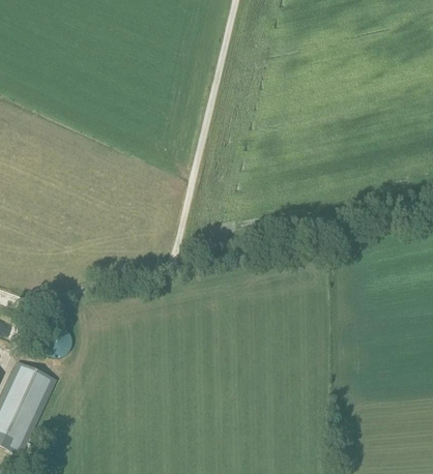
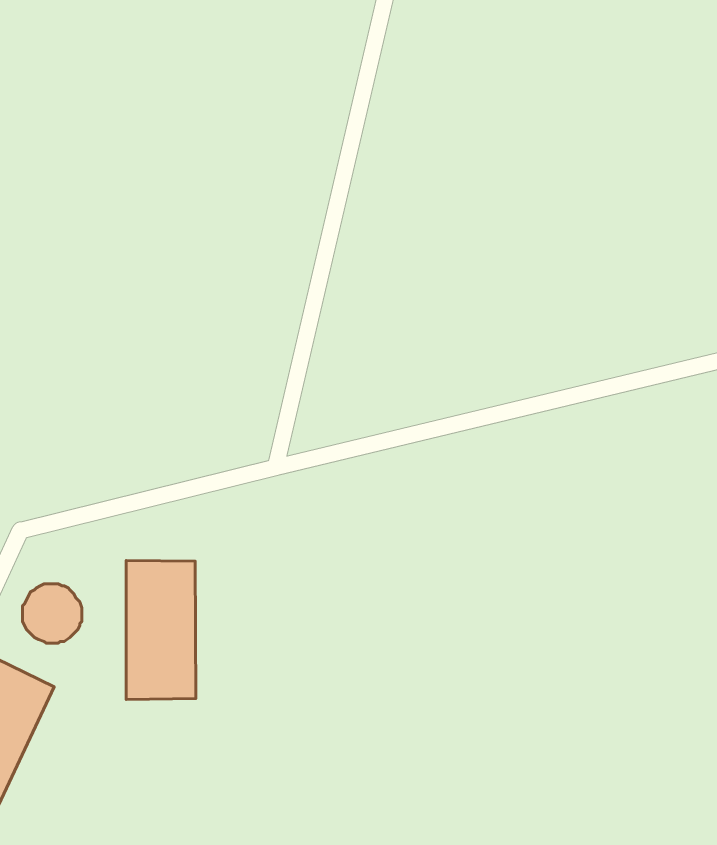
building: none -> [126,561,196,700]

